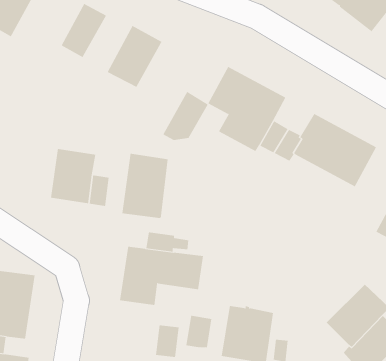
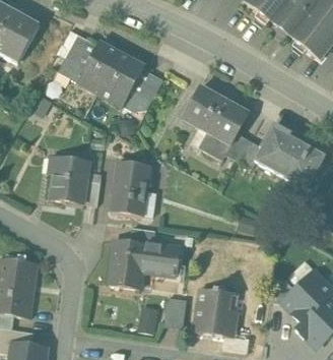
building: none -> [78,42,120,93]
building: [163,91,209,141] -> [124,68,162,110]

